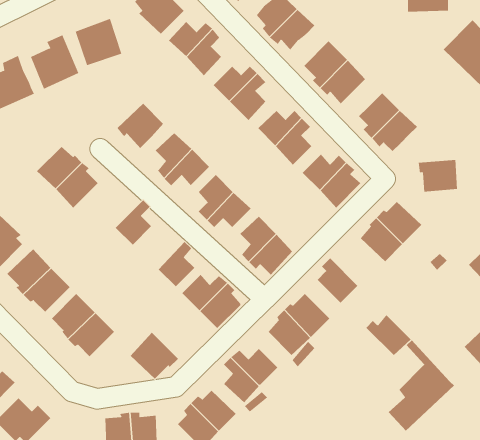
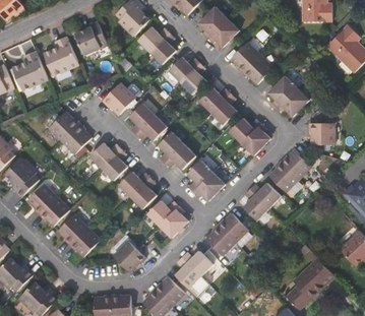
building: none -> [89,142,121,168]
building: none -> [119,171,149,196]
building: [365,314,412,356] -> [249,179,281,207]

